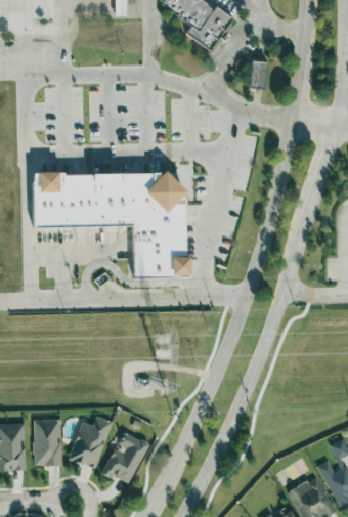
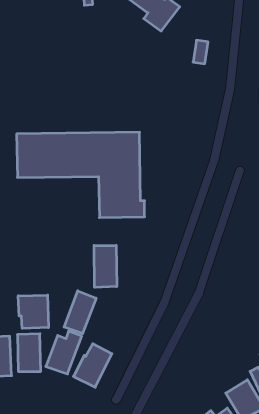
building: none -> [94,245,117,287]
building: none -> [64,291,96,334]
building: none -> [18,295,48,328]

